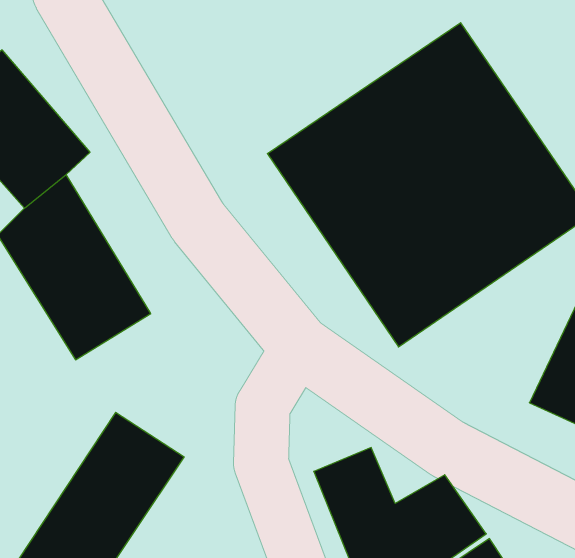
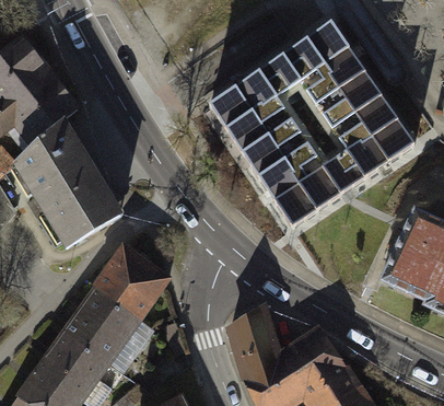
building: none -> [94,242,168,315]

